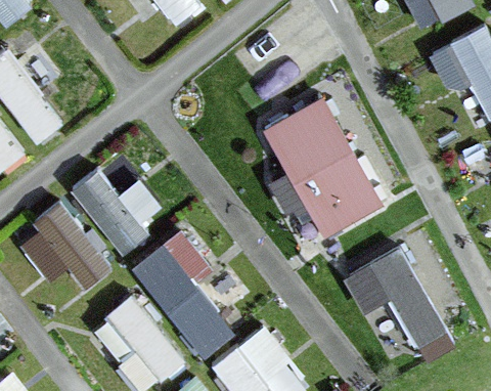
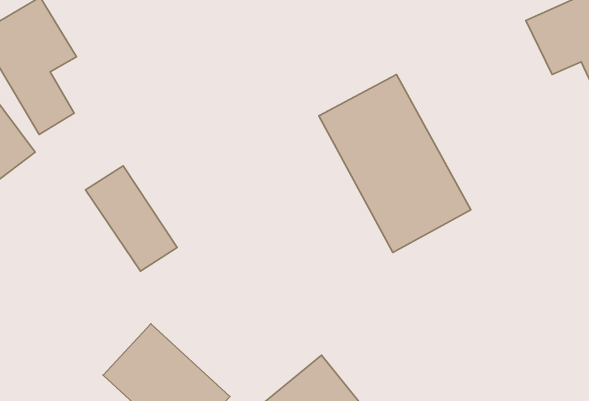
building: [21,202,110,293] -> none
building: [129,226,233,355] -> none
building: [344,244,445,345] -> none

